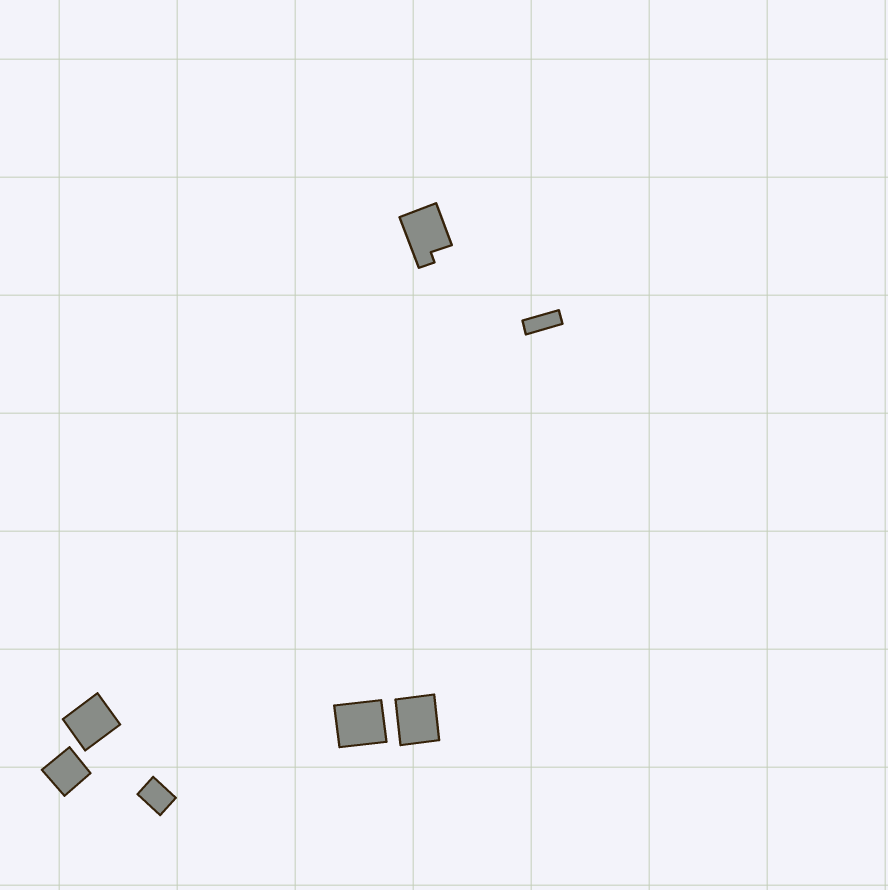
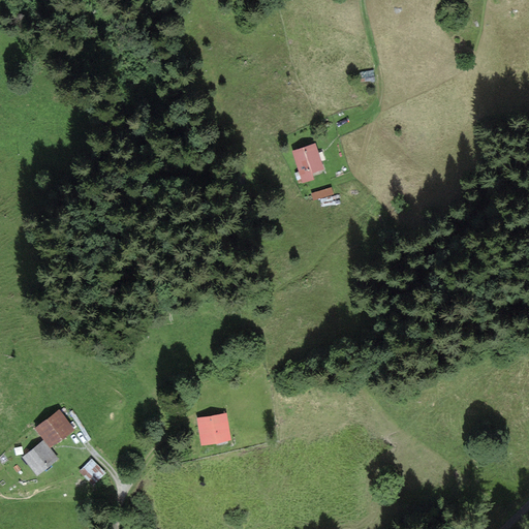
building: [400,203,452,268] -> [292,144,323,182]
building: [395,695,439,745] -> none

